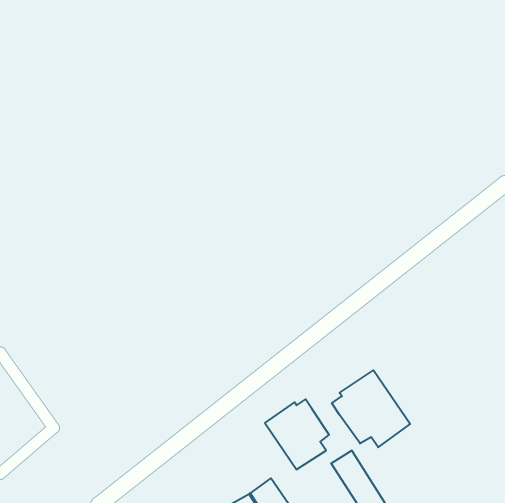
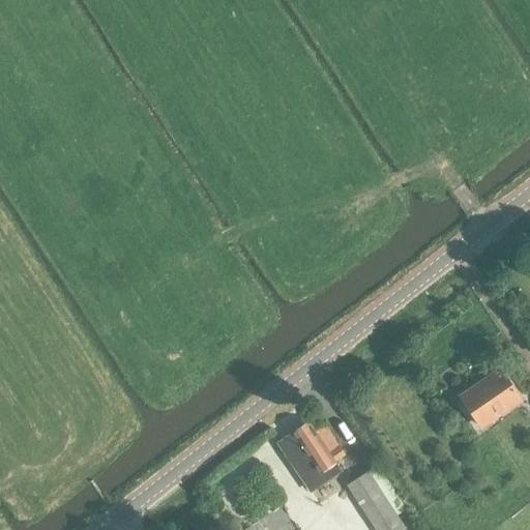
building: none -> [462,372,519,425]
building: [332,370,410,447] -> none

